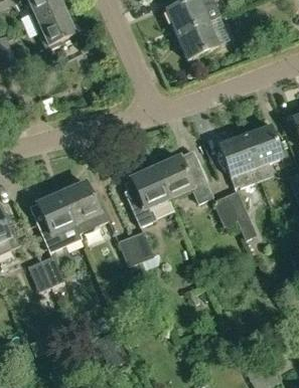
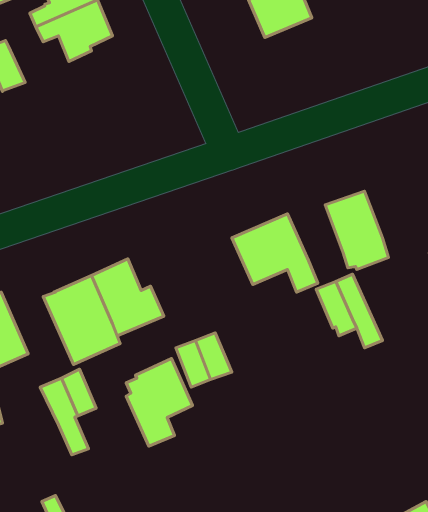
building: [178,20,220,59] -> none
building: [245,127,283,180] -> none
building: [126,167,170,225] -> [126,359,193,446]

